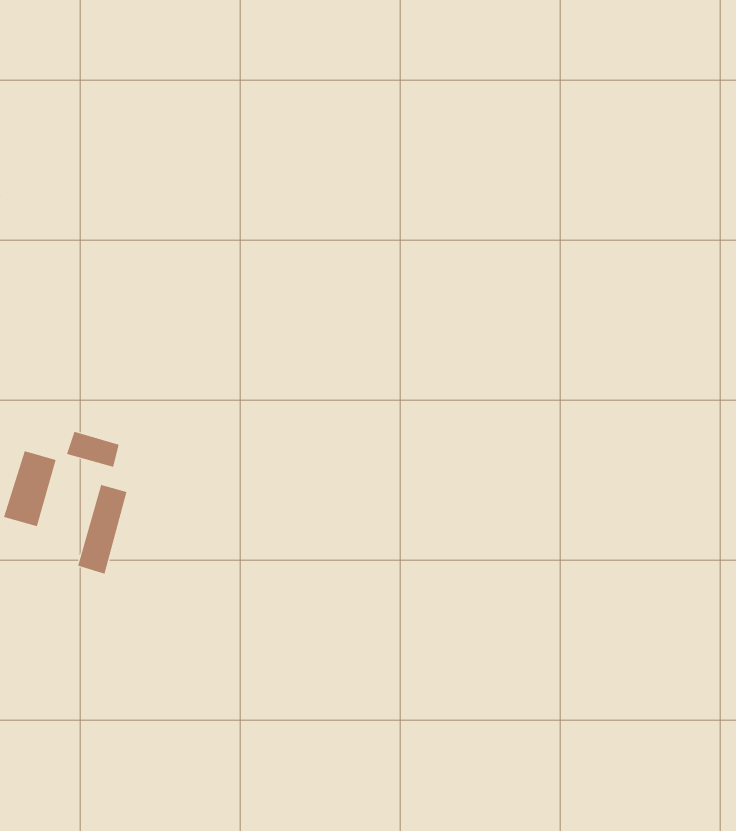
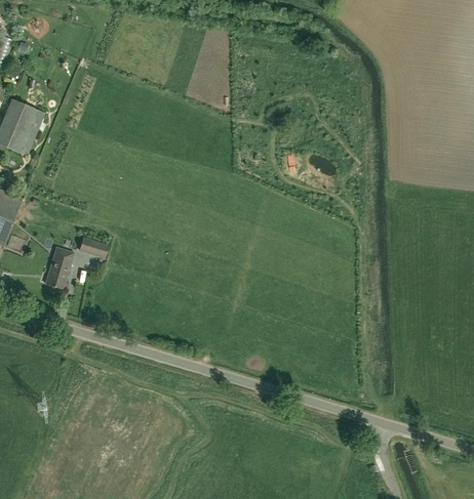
building: [77,484,127,574] -> none

